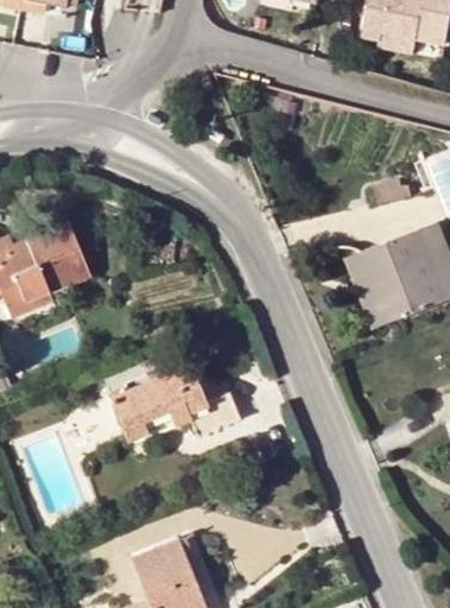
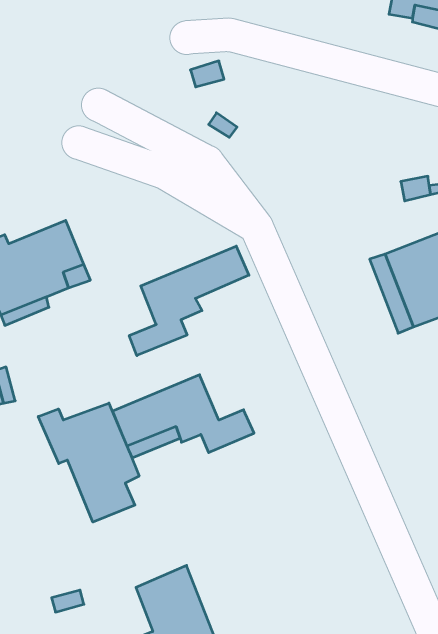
building: none -> [129,246,249,356]
building: none -> [38,403,139,522]

